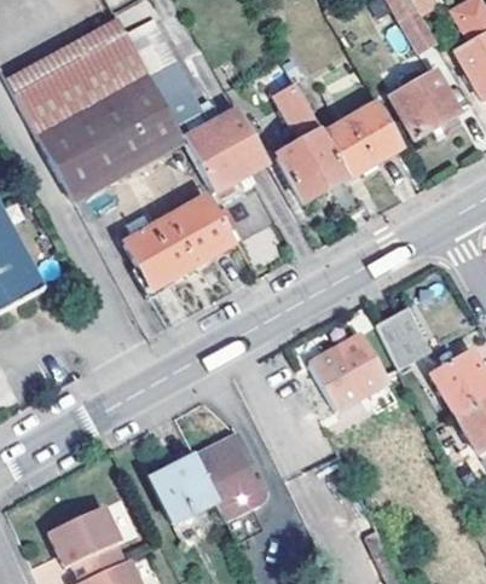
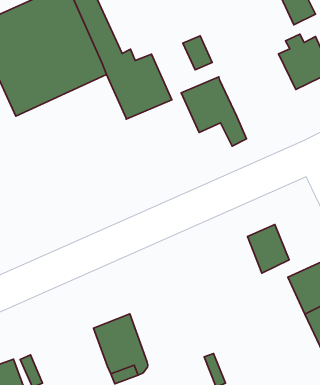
building: [324,105,401,177] -> none
building: [125,191,239,290] -> none
building: [308,333,388,410] -> none
building: [150,455,218,522] -> none

